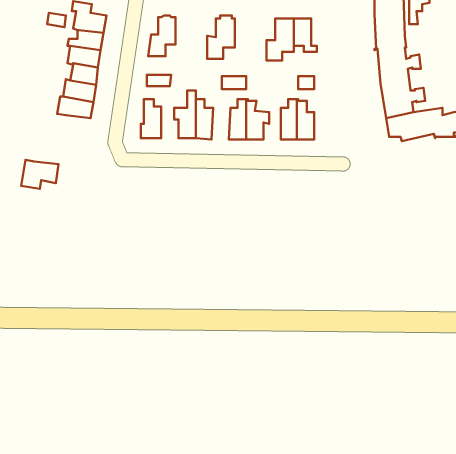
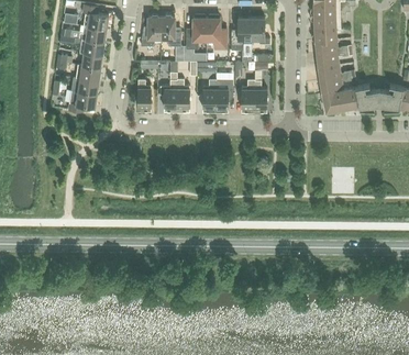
building: none -> [162,15,181,46]
building: none -> [207,15,226,49]
building: [21,160,59,189] -> [68,90,97,112]

